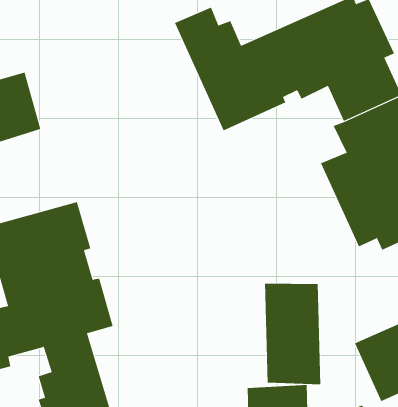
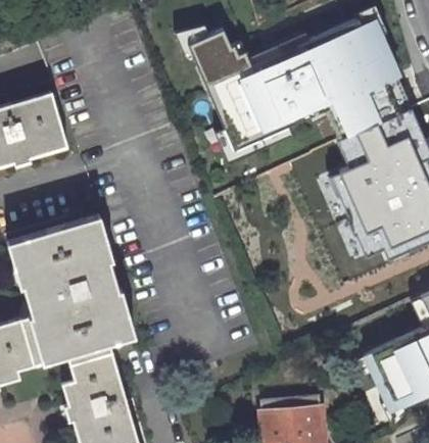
building: [265,283,321,385] -> none

